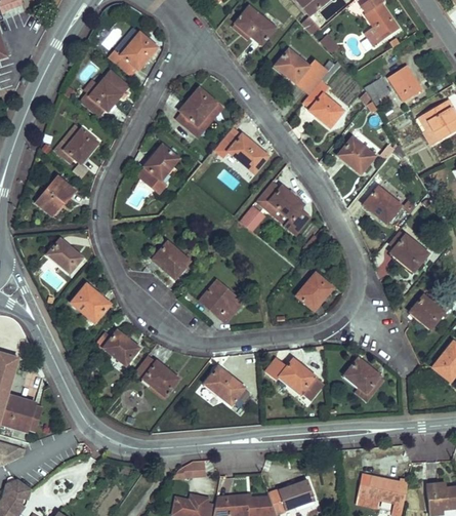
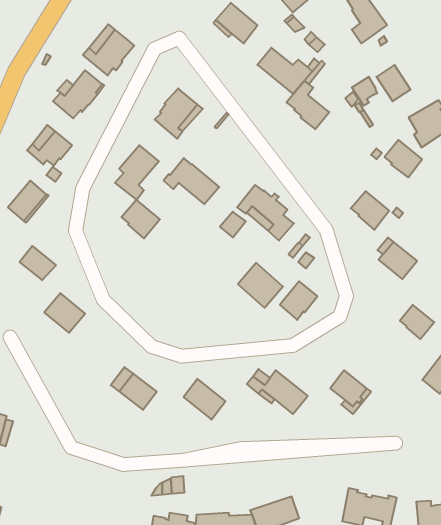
building: [214,128,267,172] -> [164,158,219,204]
building: [338,137,374,173] -> [385,140,422,177]
building: [153,242,190,279] -> [121,200,160,238]
building: [199,280,242,323] -> [238,263,283,308]
building: [95,330,138,365] -> none

